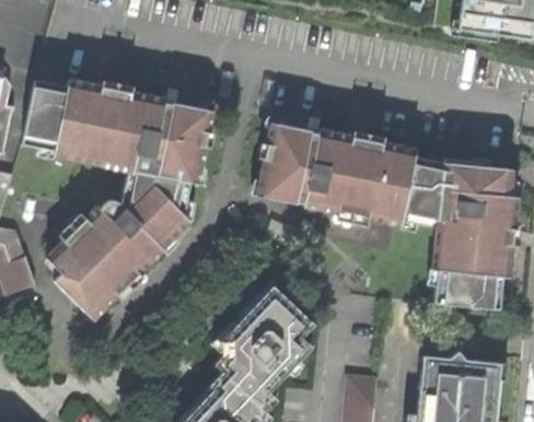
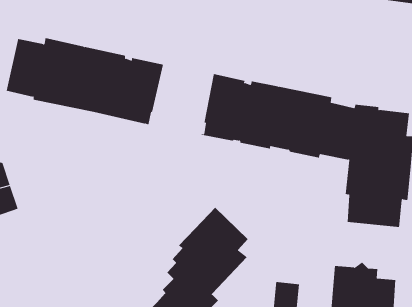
building: [47,167,190,317] -> none

